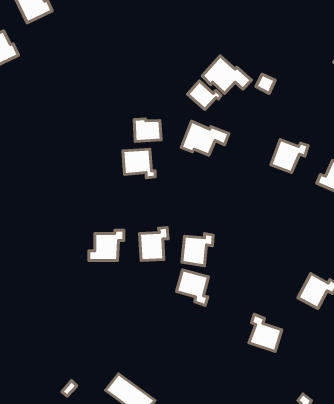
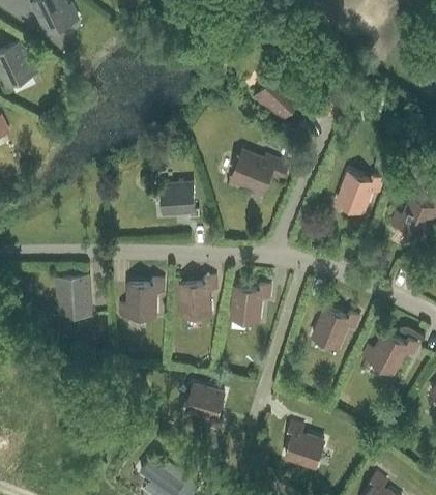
building: [187,81,221,109] -> none
building: [134,119,161,141] -> none
building: none -> [57,276,89,313]
building: none -> [312,309,357,349]
building: [176,270,209,305] -> [185,386,224,429]
building: [249,314,282,351] -> [284,424,323,468]

